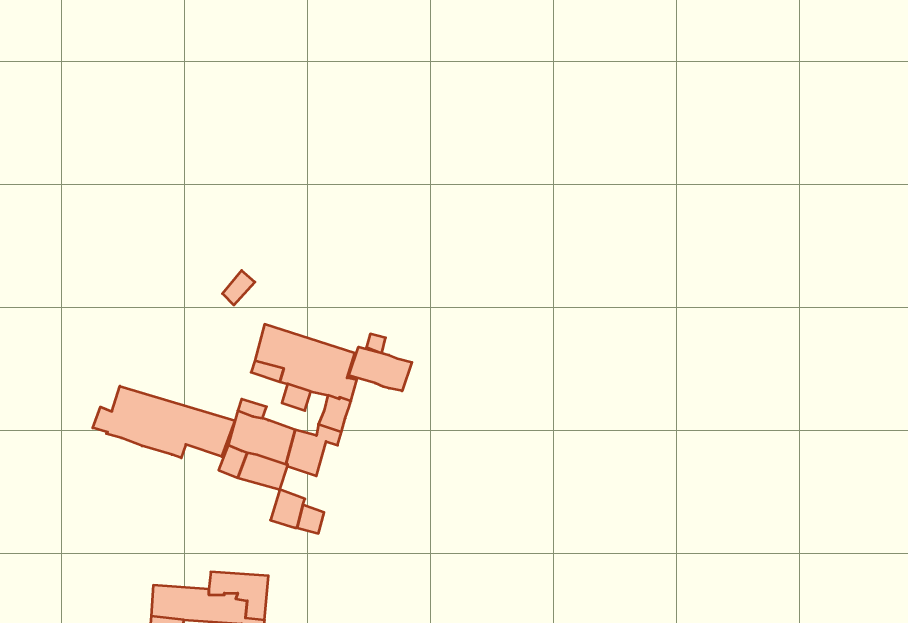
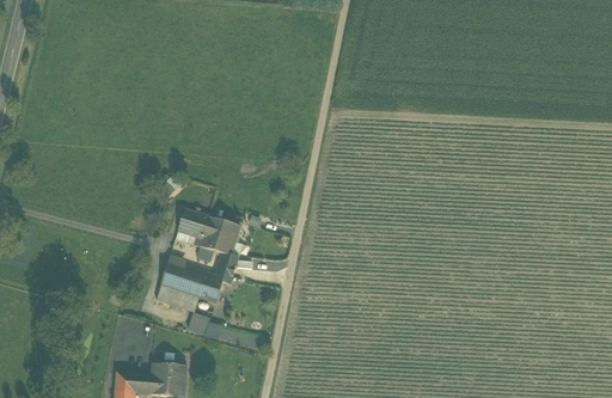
building: [349,347,412,391] -> none
building: [93,386,235,458] -> none

